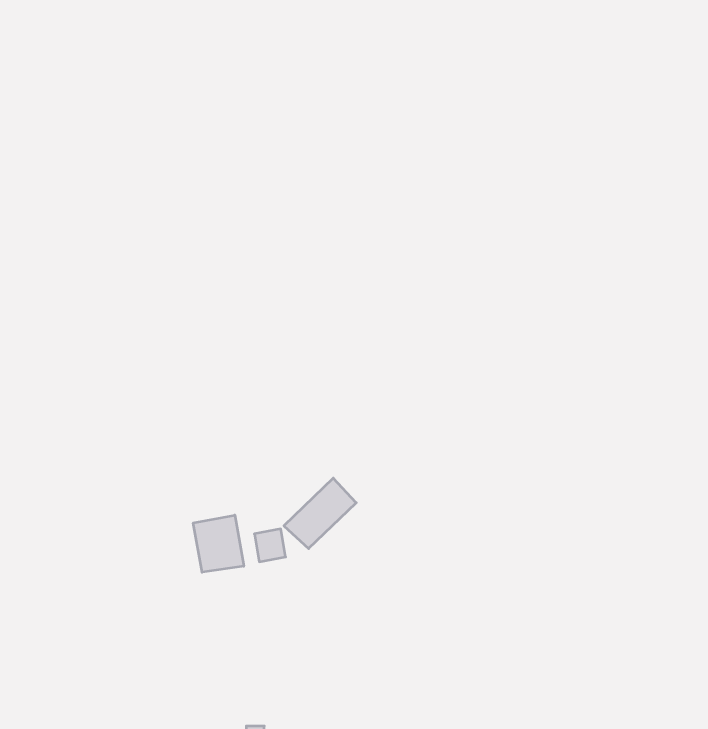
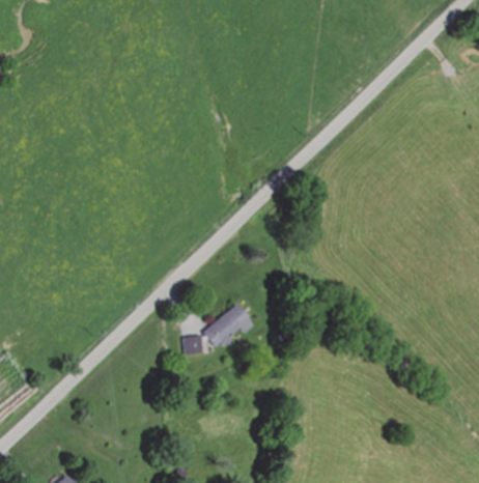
building: [193,515,244,572] -> none

